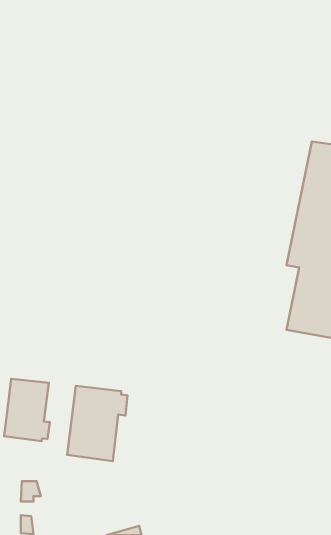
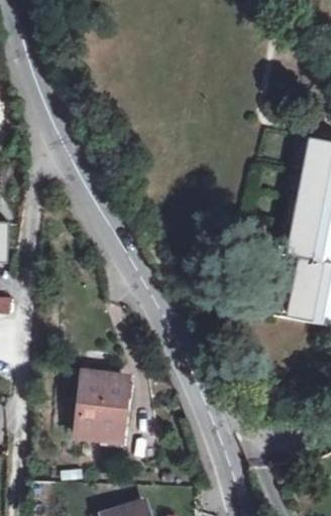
building: [4,379,50,441] -> none

